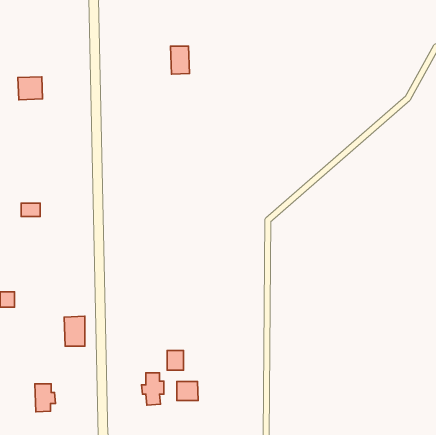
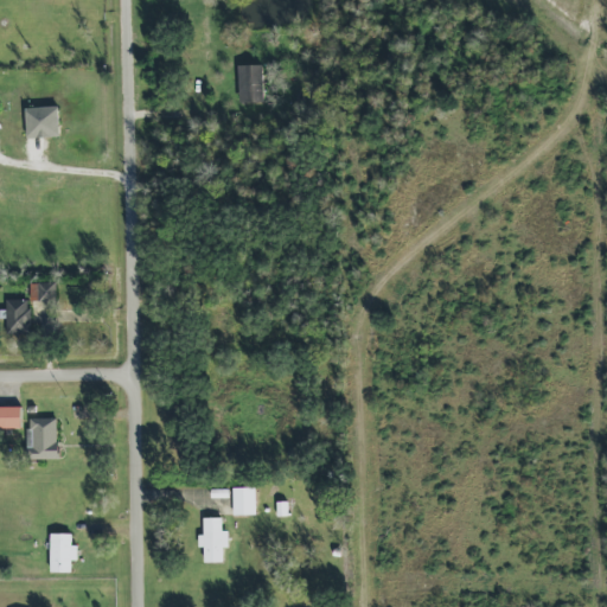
building: none -> [6,299,30,334]
building: [64,316,85,346] -> [28,417,57,459]
building: [177,382,198,400] -> none

